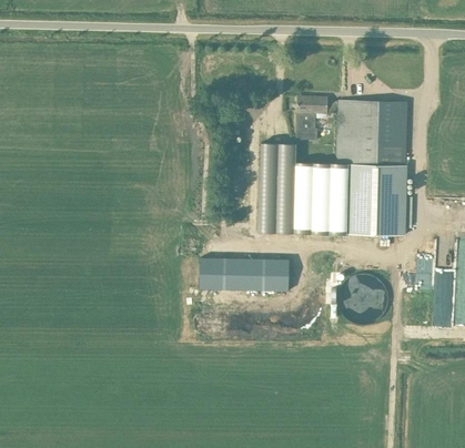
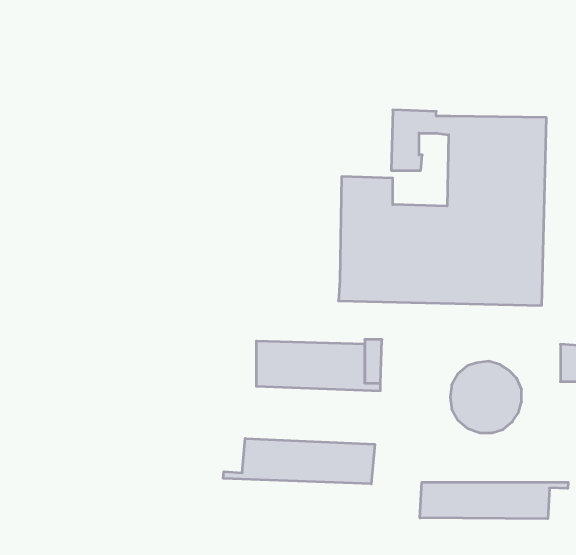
building: none -> [223,438,375,484]
building: none -> [420,482,568,519]

